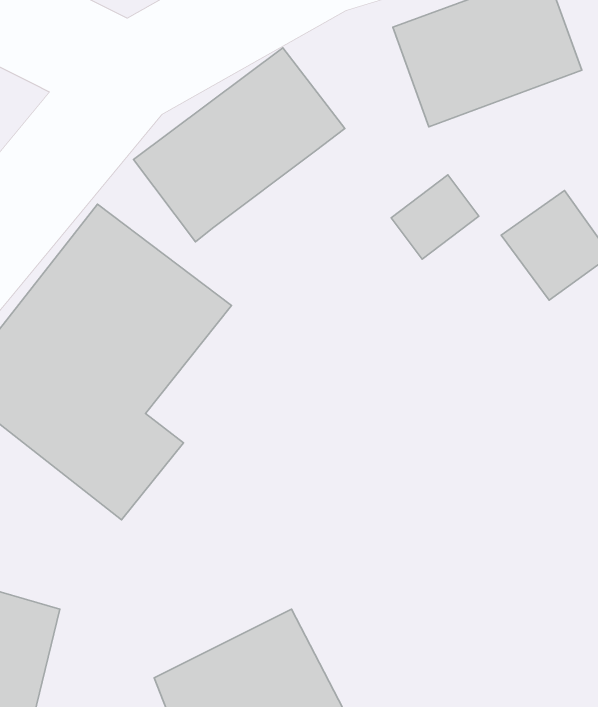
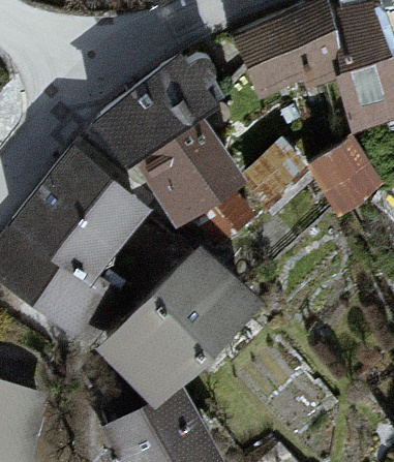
building: none -> [139,117,245,228]
building: none -> [95,247,260,407]

